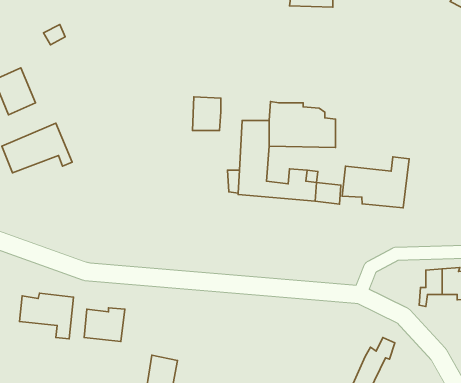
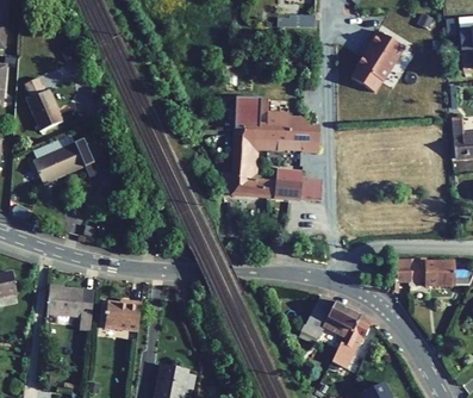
building: none -> [354,32,407,93]
building: [193,97,221,131] -> [238,99,263,129]
building: [342,157,409,208] -> none
building: none -> [301,298,365,343]

